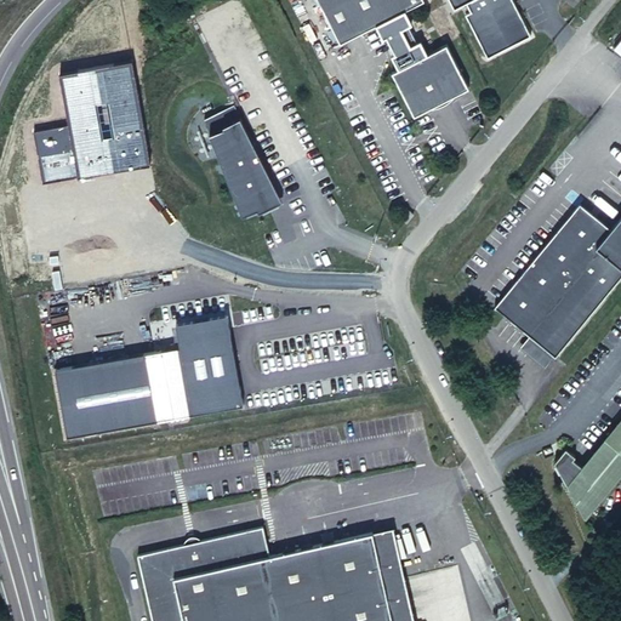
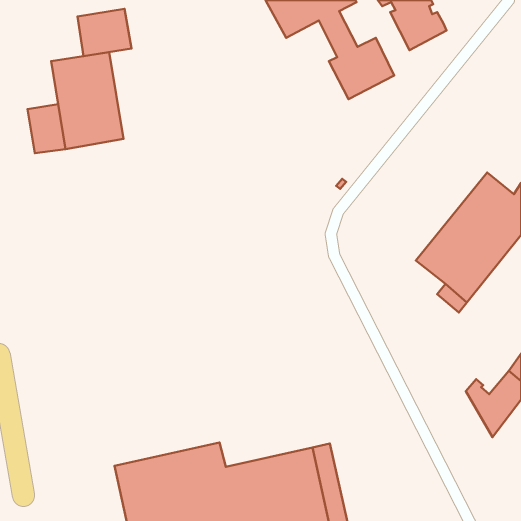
building: none -> [77,9,132,56]
building: [205,108,283,218] -> none
building: [55,317,243,438] -> none

